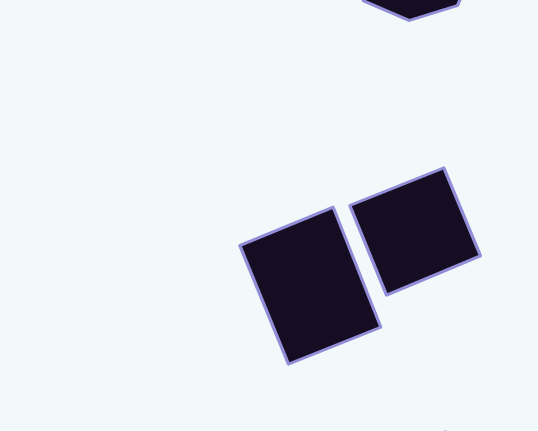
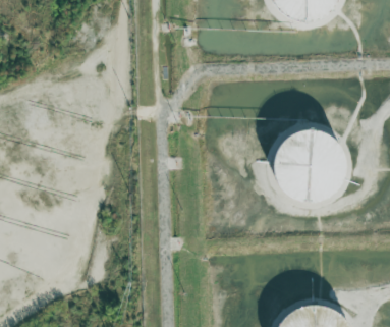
building: [240,207,381,364] -> none

